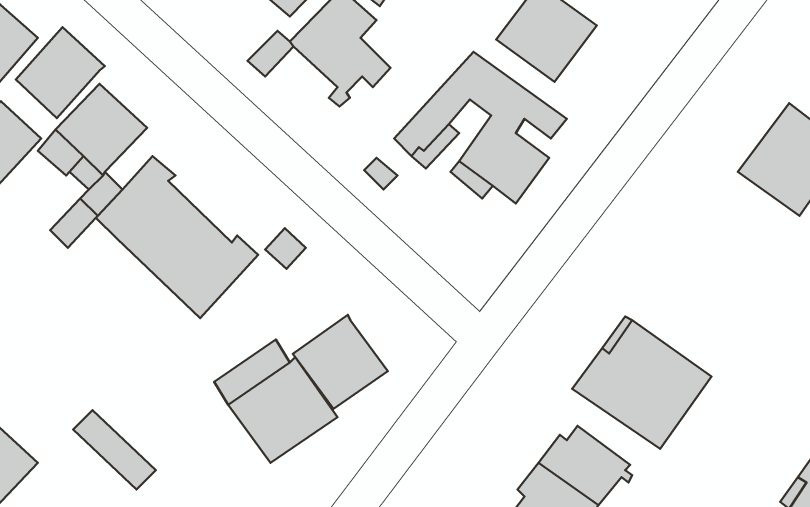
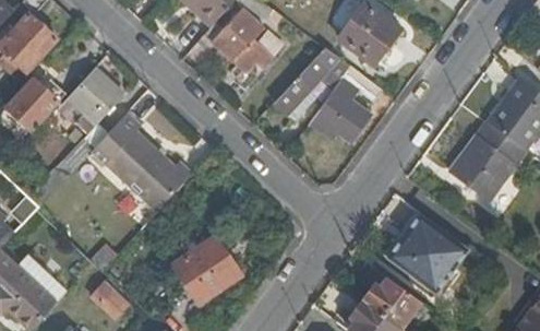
building: [16,27,105,118] -> none
building: none -> [452,123,525,199]
building: [293,315,388,409] -> none

